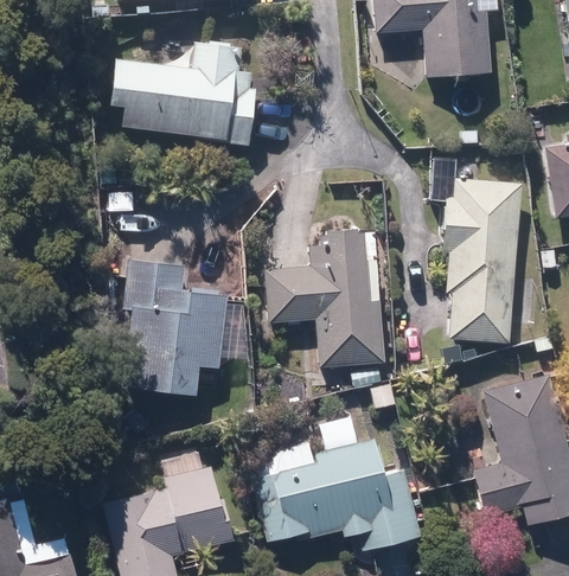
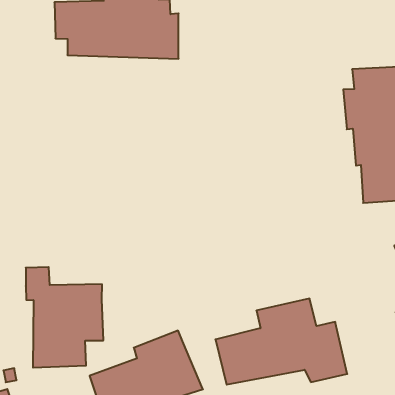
building: [267,230,372,361] -> none
building: [126,269,218,392] -> [26,267,103,368]

